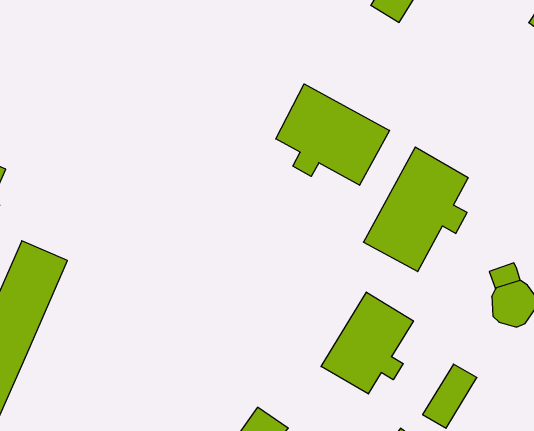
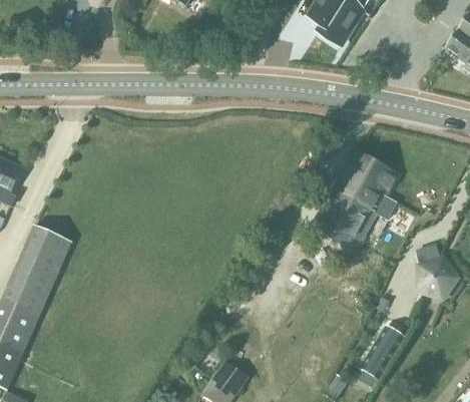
building: [276,84,390,185] -> none
building: [321,292,413,394] -> none

